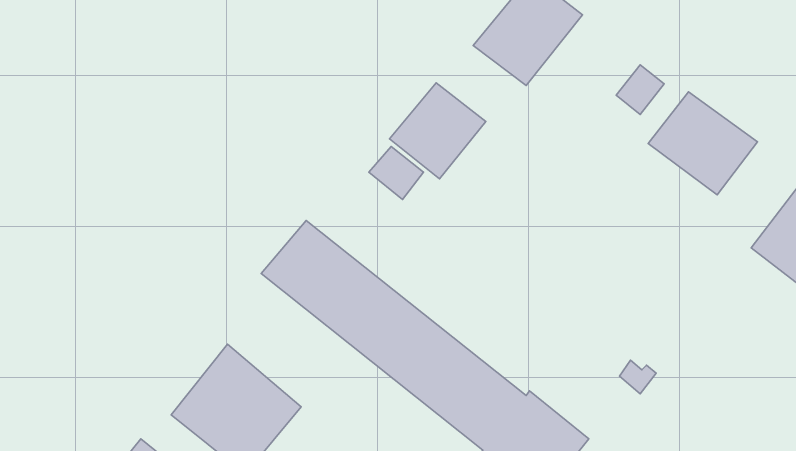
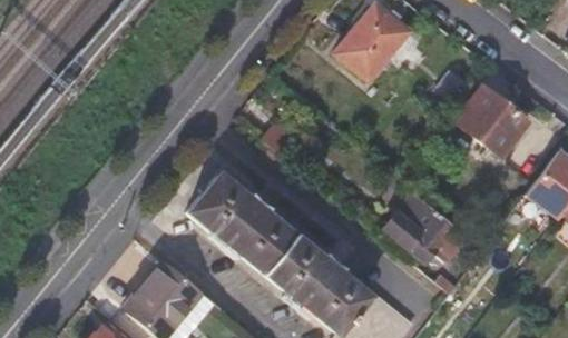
building: [389,83,486,179] -> none
building: none -> [384,193,468,264]

